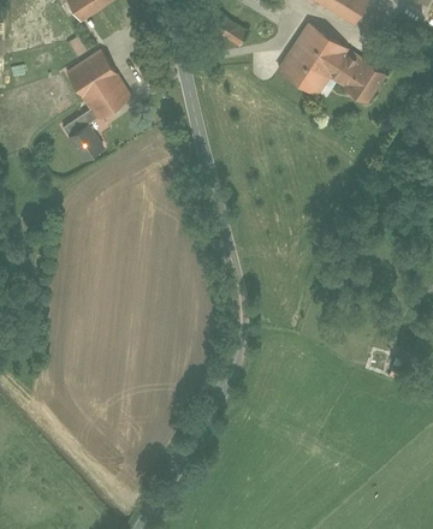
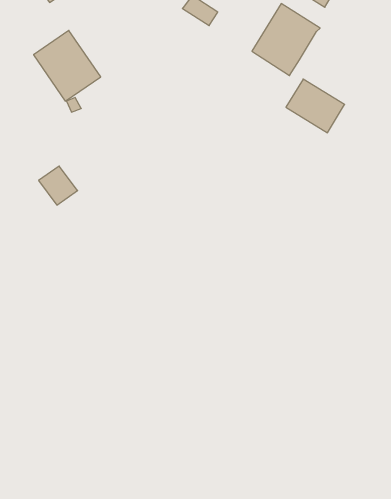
building: [327,49,385,102] -> [286,79,345,133]
building: [66,123,105,161] -> [39,166,78,205]

